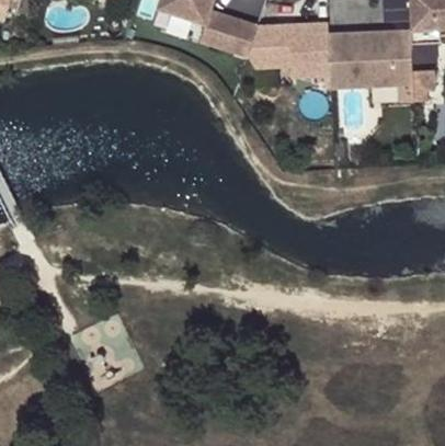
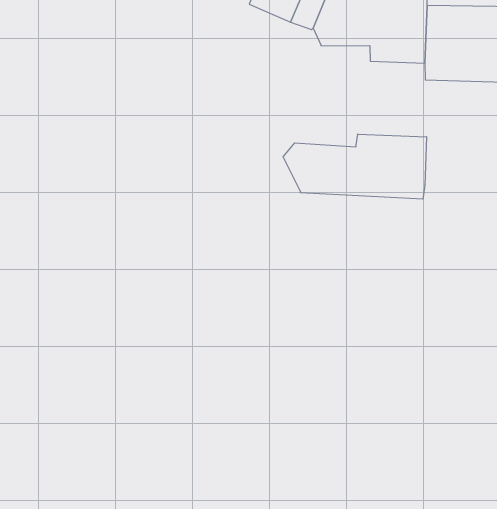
building: none -> [283,134,427,199]

